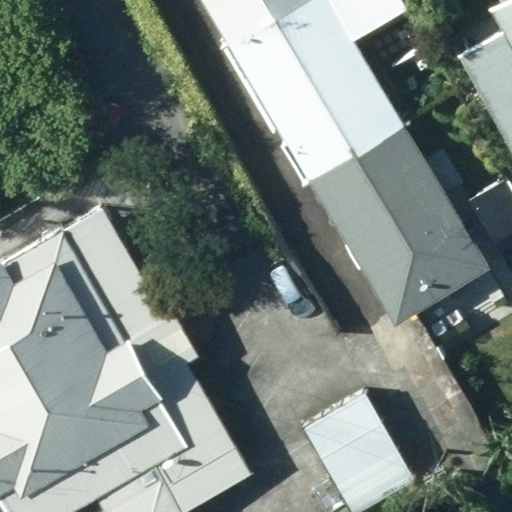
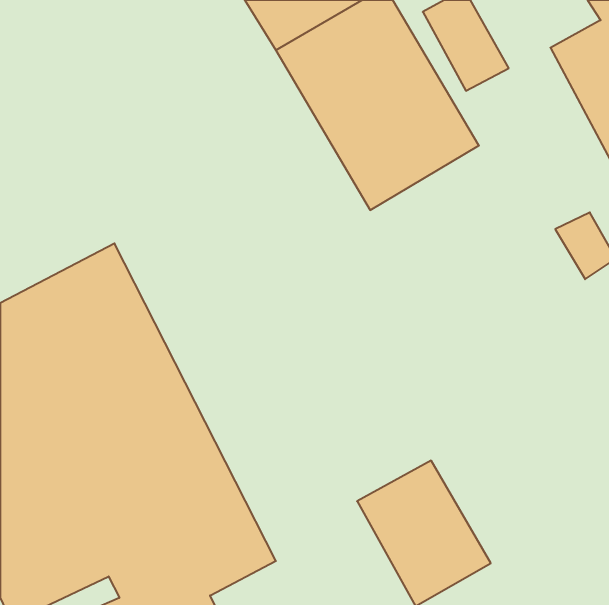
building: [311,126,489,327] -> none

